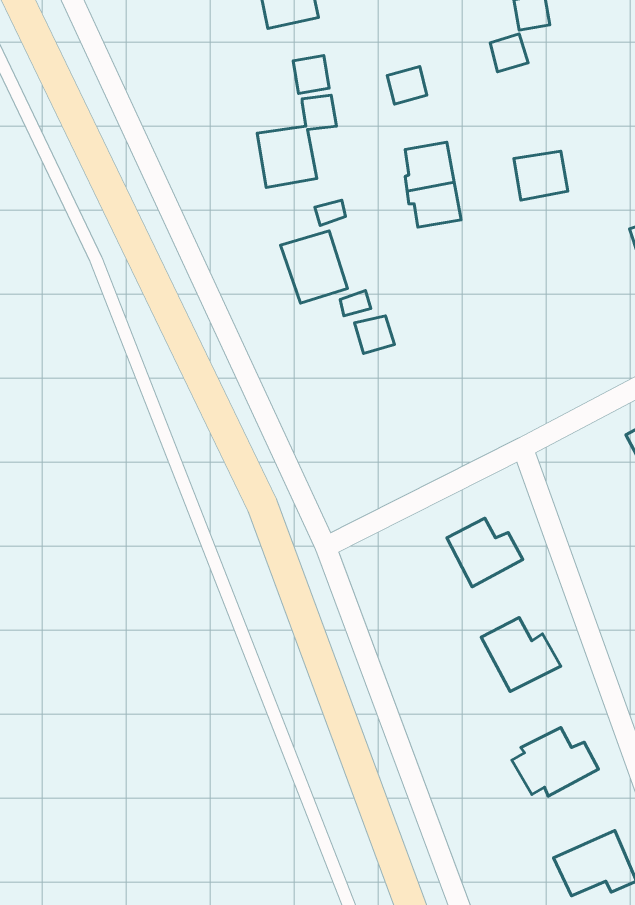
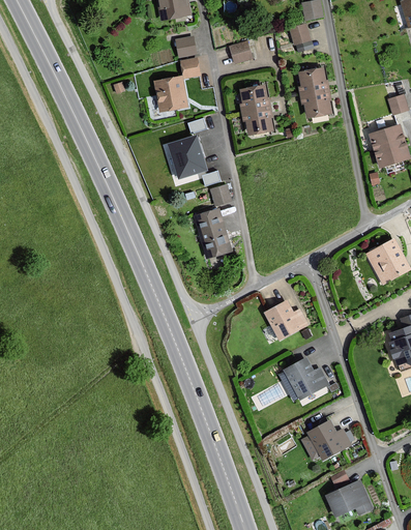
building: none -> [297,67,328,94]
building: none -> [194,207,233,258]

